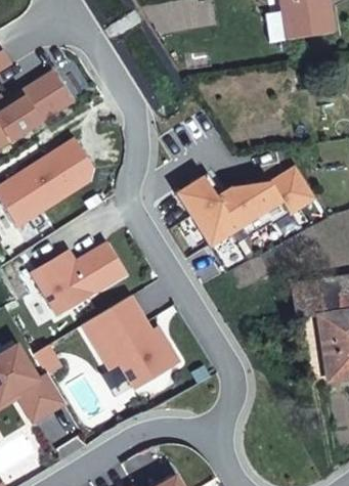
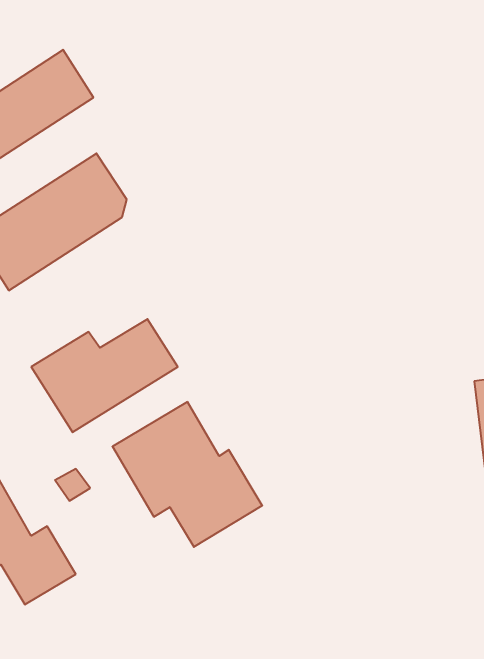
building: [169,161,310,268] -> none

